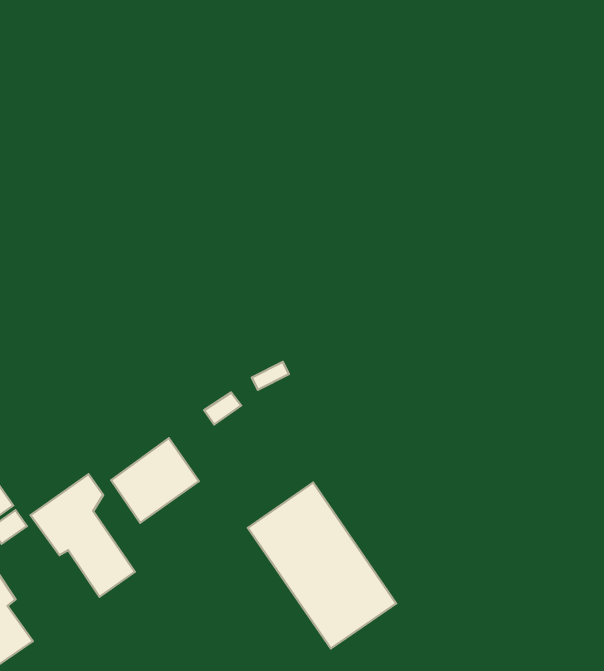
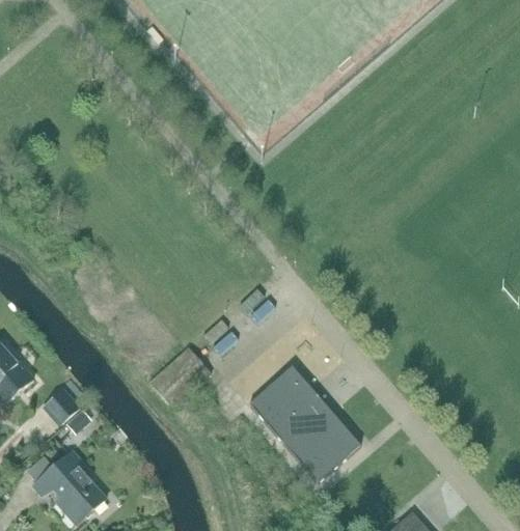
building: [31,474,135,597] -> none

